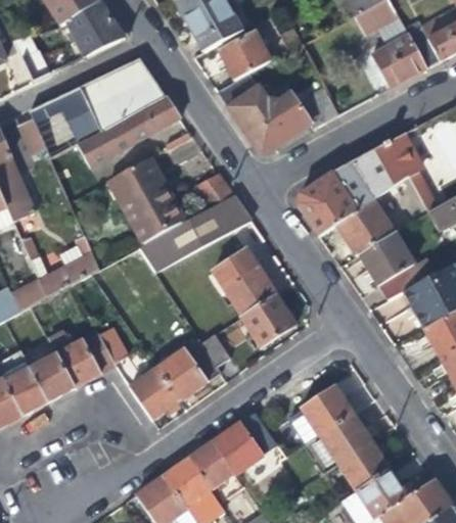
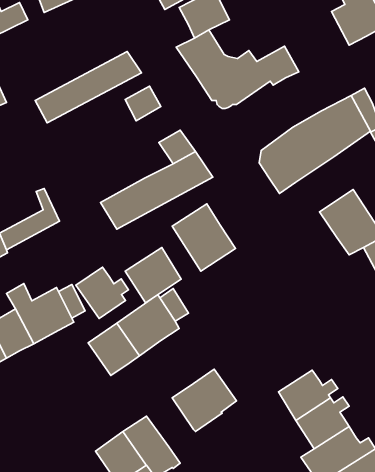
building: [44,58,167,149] -> none
building: [104,158,184,246] -> none
building: [335,200,394,256] -> none
building: [238,292,294,347] -> [125,247,181,303]
building: none -> [76,267,129,319]
building: [289,383,352,443] -> none
building: [186,441,233,490] -> none

